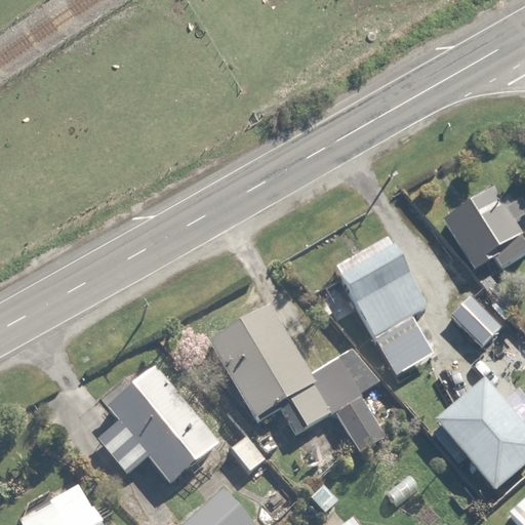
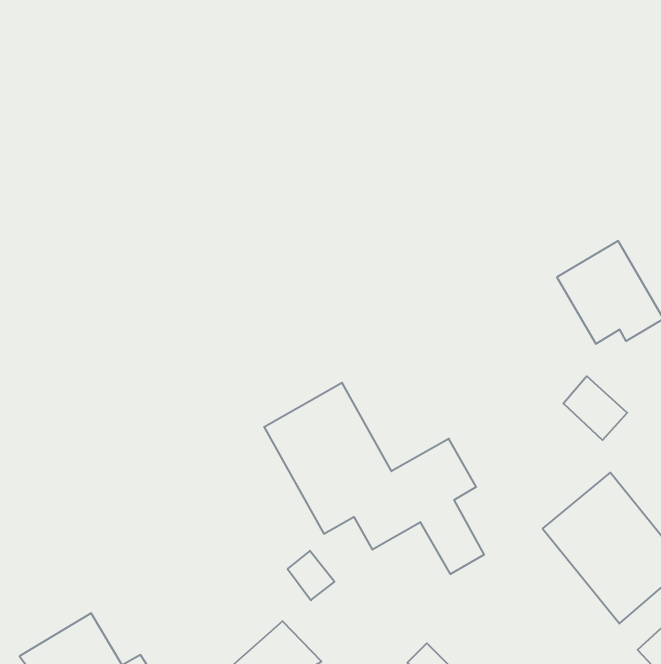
building: [333,237,448,376] -> none
building: [96,365,232,485] -> none

